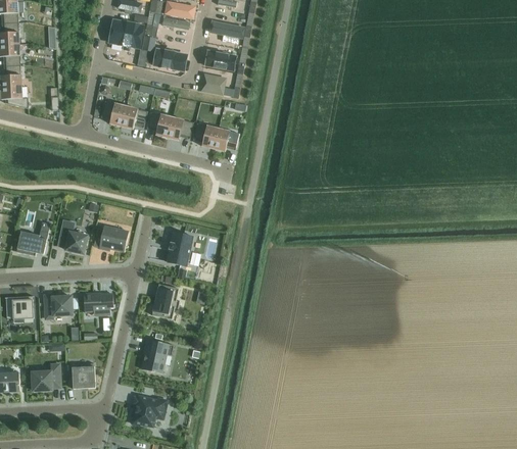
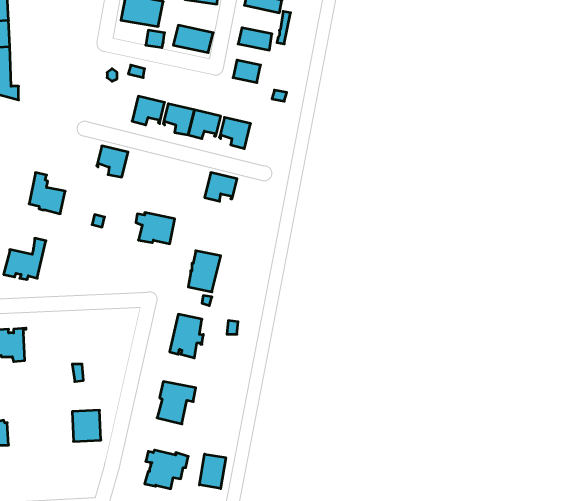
building: [100,100,126,126] -> [97,146,128,177]
building: [213,128,239,151] -> [205,173,237,201]
building: [57,219,87,253] -> [29,173,65,214]
building: [96,226,128,251] -> [136,213,175,244]
building: [83,293,113,315] -> none
building: [44,295,72,318] -> none
building: [32,363,60,390] -> none
building: none -> [199,454,226,489]

